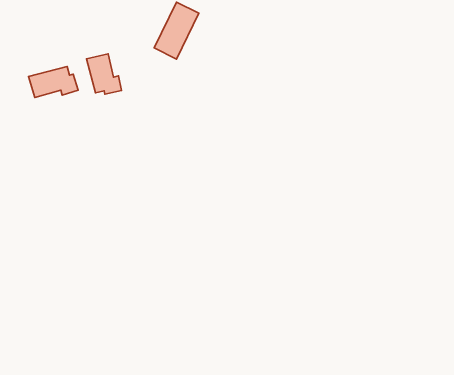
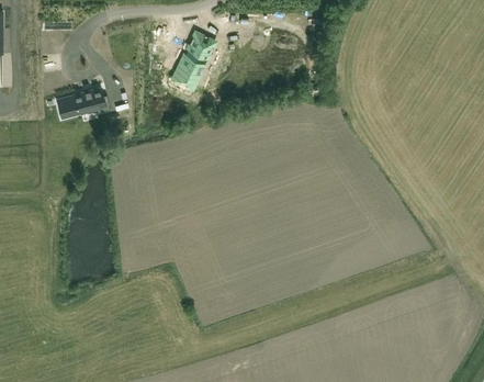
building: [87,54,122,94] -> none

